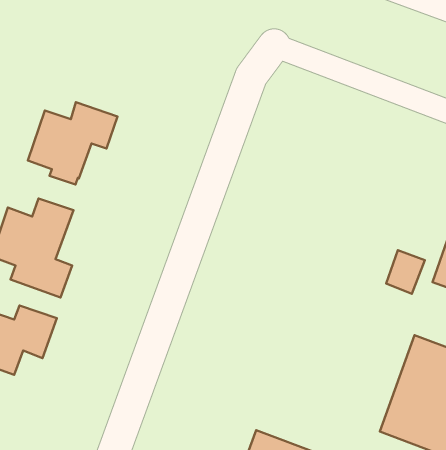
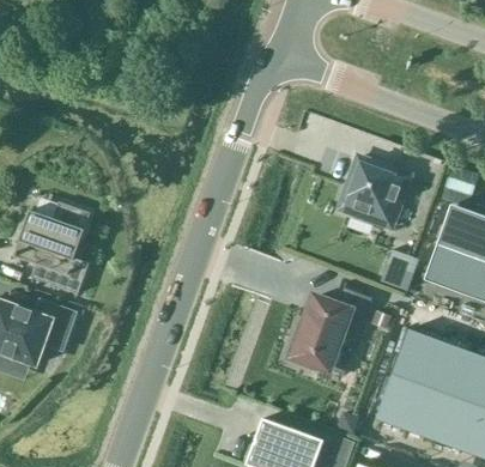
building: [28,102,118,184] -> none
building: none -> [340,157,411,228]
building: none -> [284,281,372,370]

